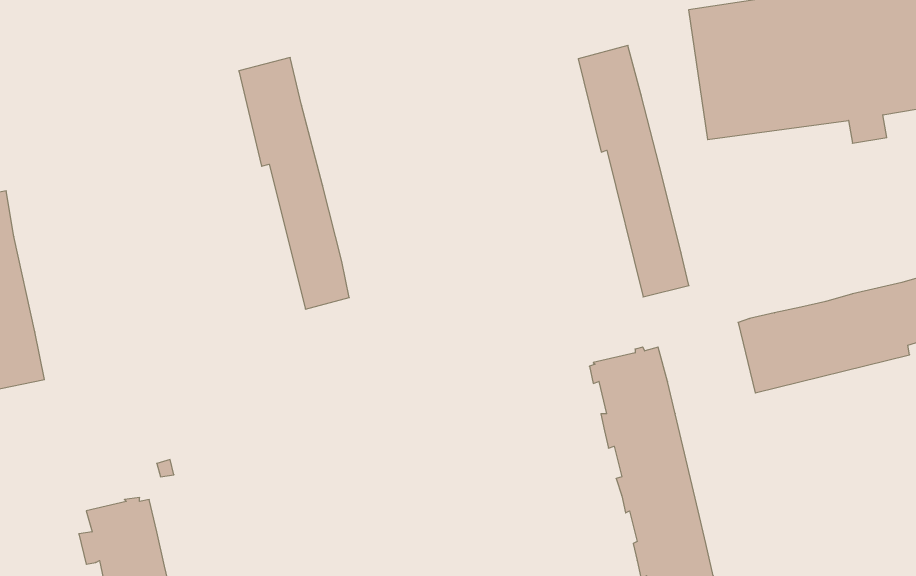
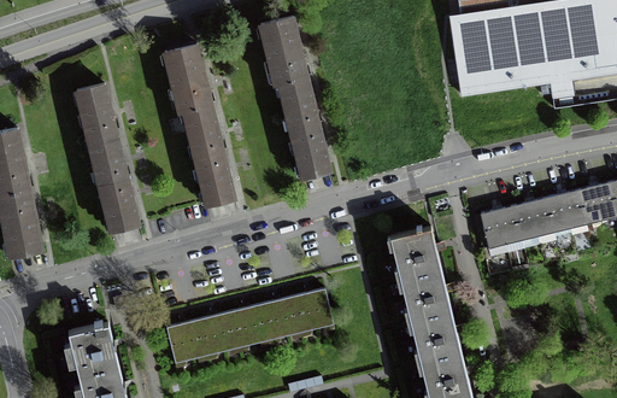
building: [578,45,689,297] -> [262,18,331,177]
building: none -> [77,82,140,232]
building: none -> [168,292,331,364]

